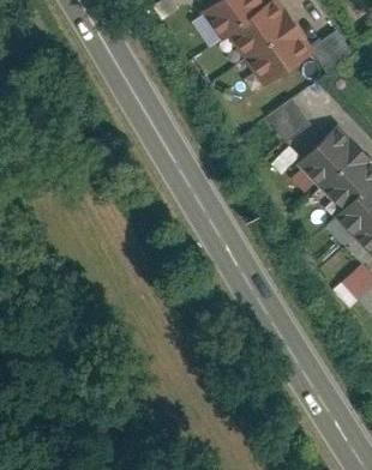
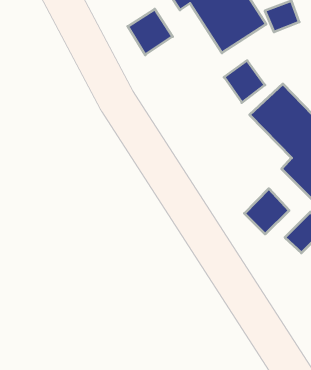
building: none -> [128,9,173,55]
building: none -> [244,189,289,234]

